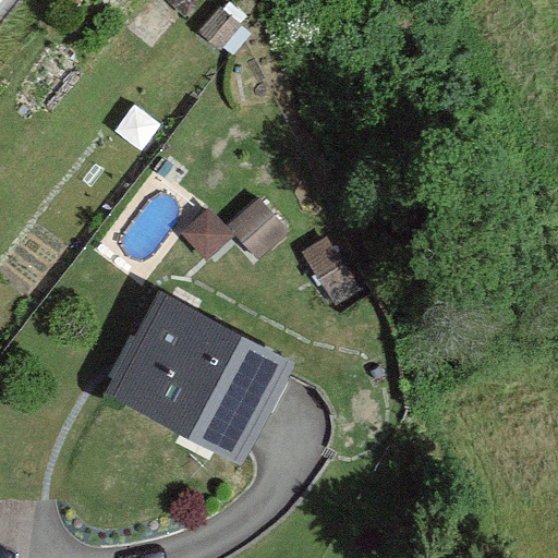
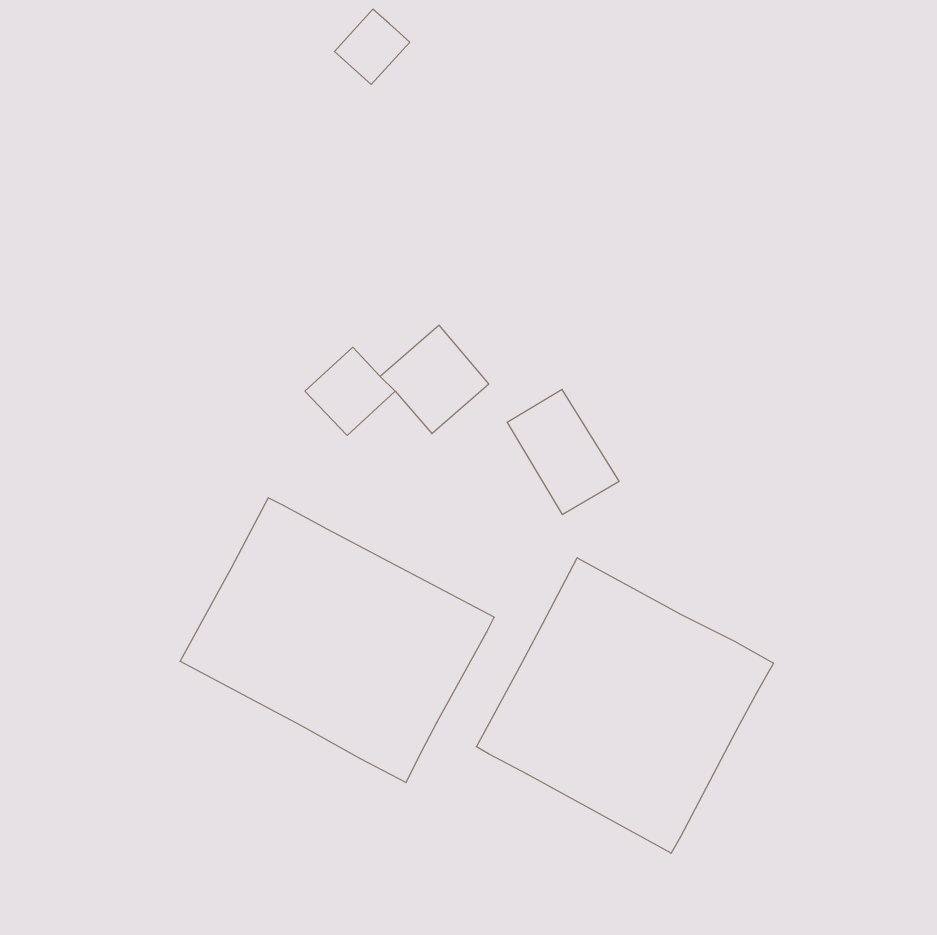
building: none -> [476,558,774,853]

